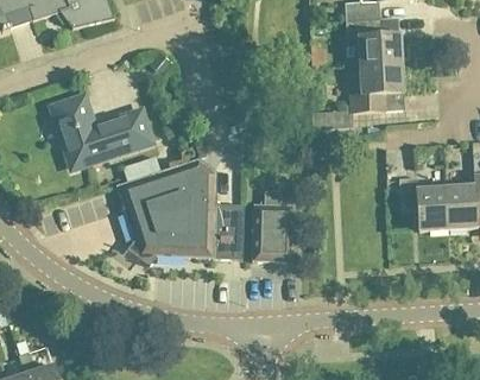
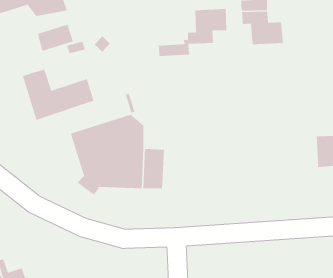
building: none -> [37,24,74,52]
building: [311,63,404,128] -> [158,8,227,57]
building: [398,178,448,230] -> none
building: [251,203,293,261] -> none

